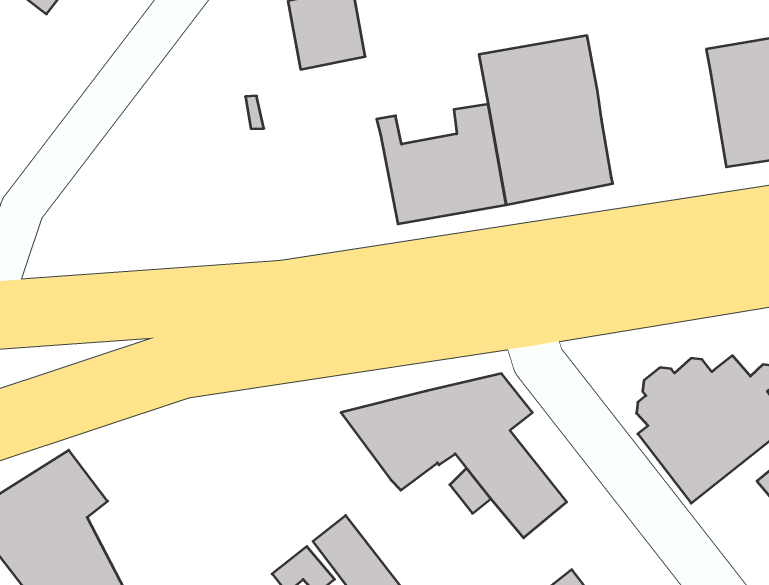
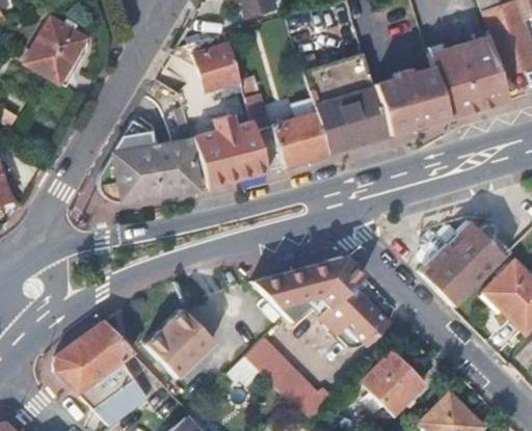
building: none -> [375,68,452,135]
building: none -> [101,123,198,205]
building: none -> [195,119,272,190]
building: none -> [143,296,224,375]

